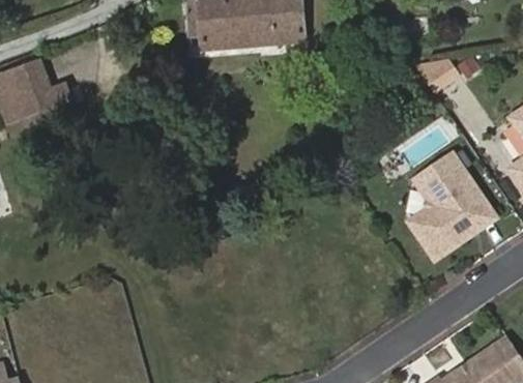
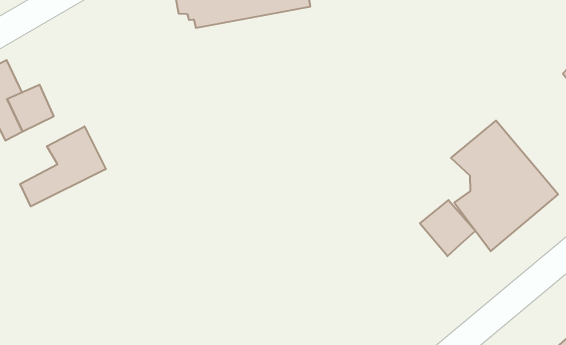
building: none -> [20,126,106,206]
building: none -> [420,200,476,256]

